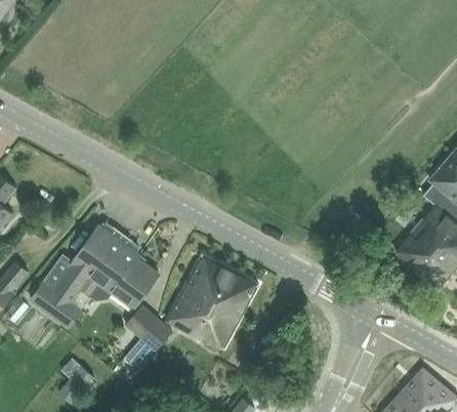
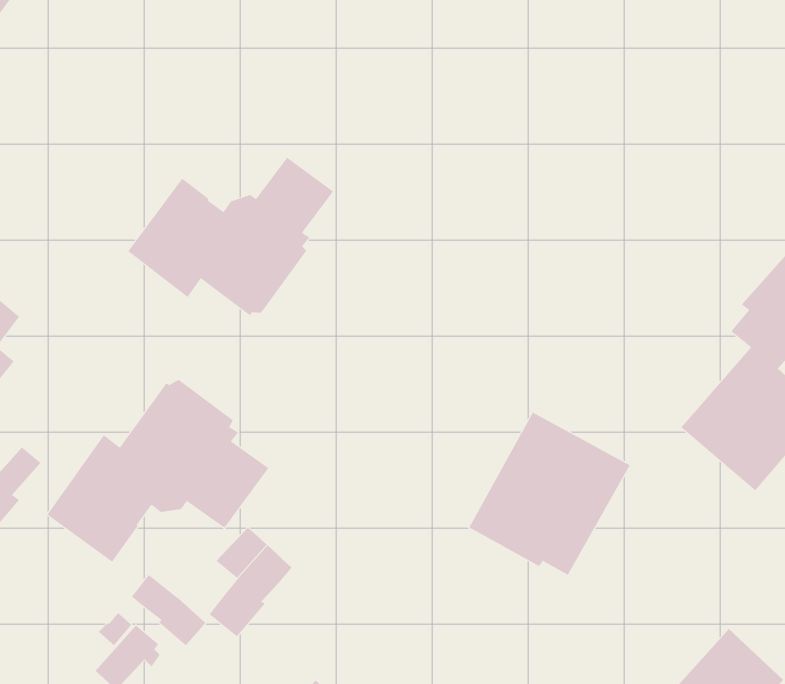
building: none -> [127,157,334,316]
building: [166,254,259,348] -> [468,412,630,576]
building: none -> [131,574,206,646]

